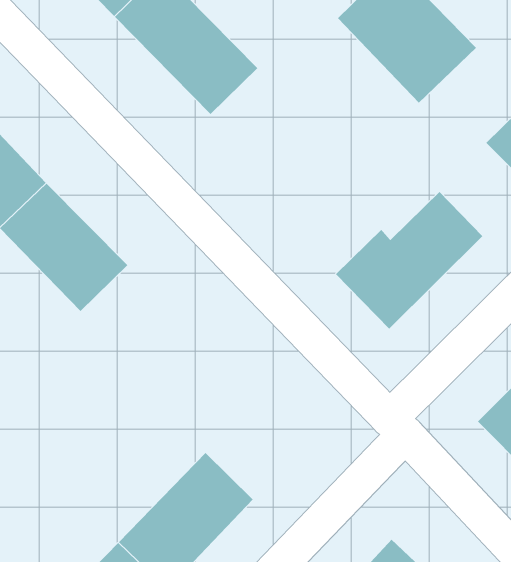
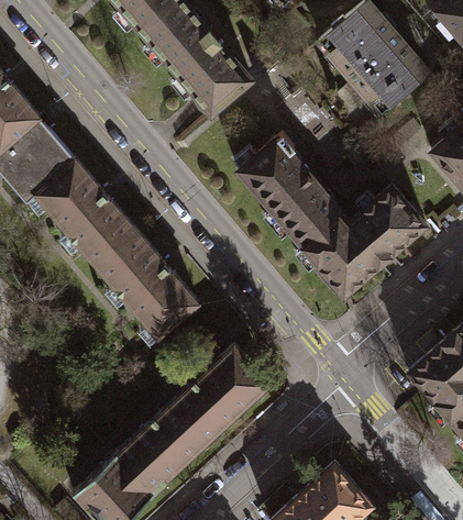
building: none -> [238,132,343,247]
building: none -> [97,230,199,336]
building: none -> [190,345,269,424]

